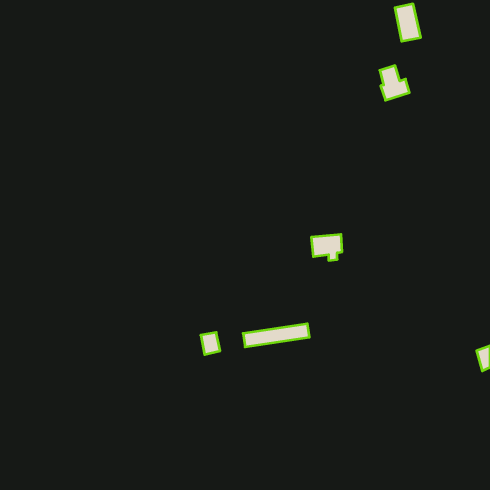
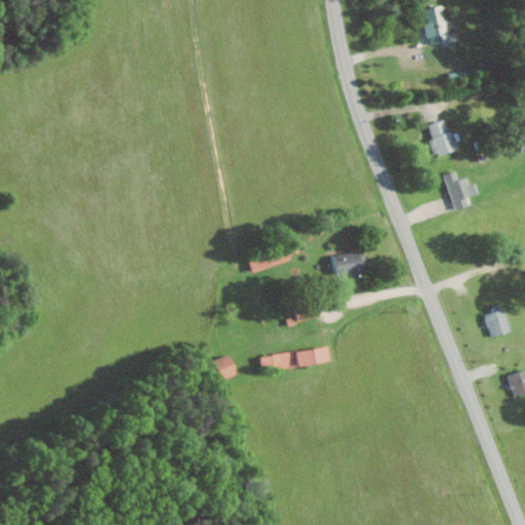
building: [380,66,409,100] -> [428,119,459,156]
building: none -> [443,170,478,210]
building: none -> [484,309,511,337]

